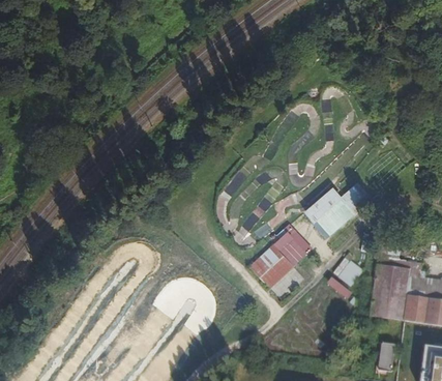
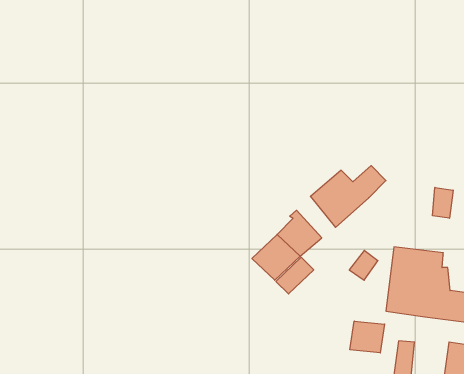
building: none -> [433,187,453,218]
building: none -> [350,321,385,353]

